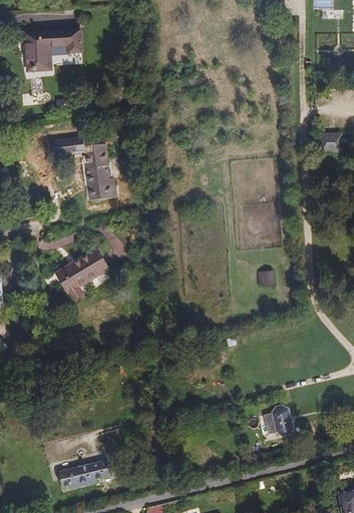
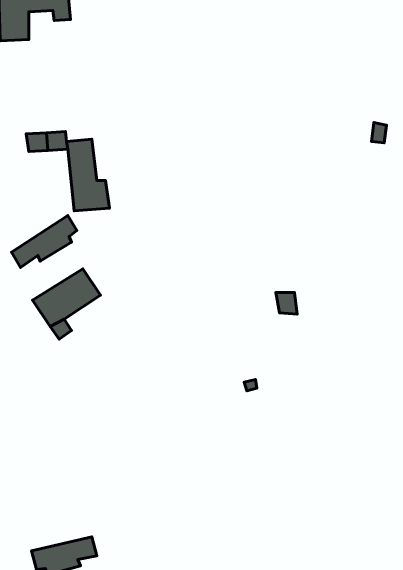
building: none -> [12,215,77,267]
building: [266,404,289,437] -> none

